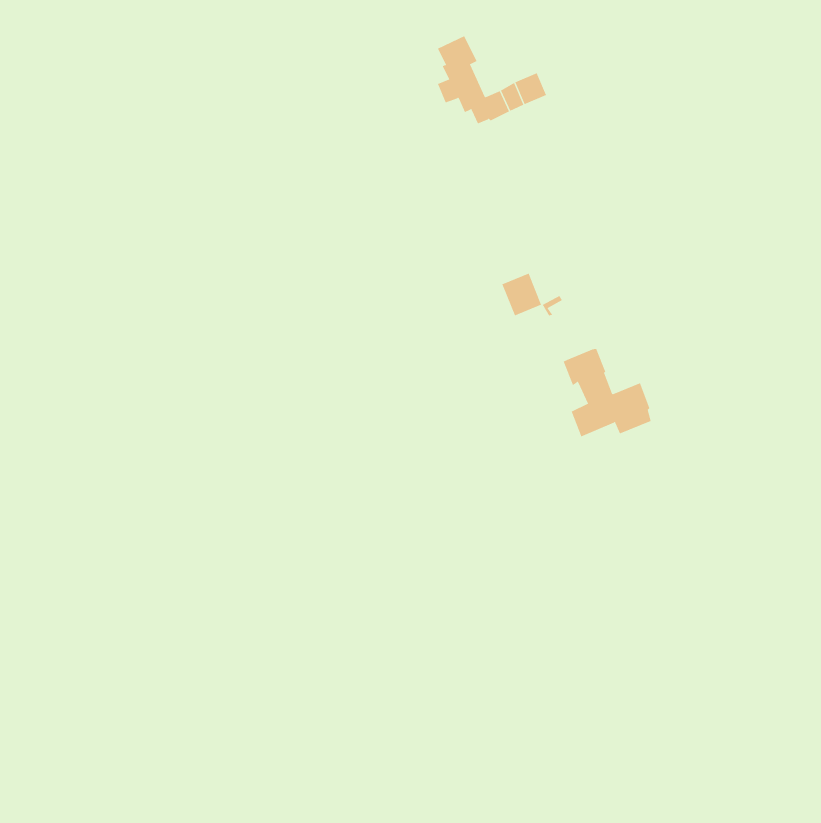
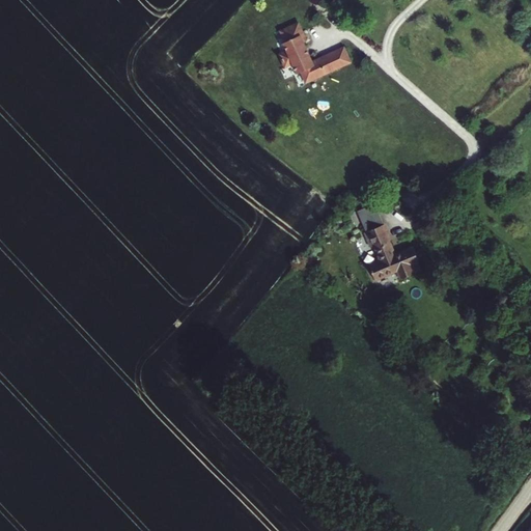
building: [502,273,542,316] -> [356,204,382,232]

